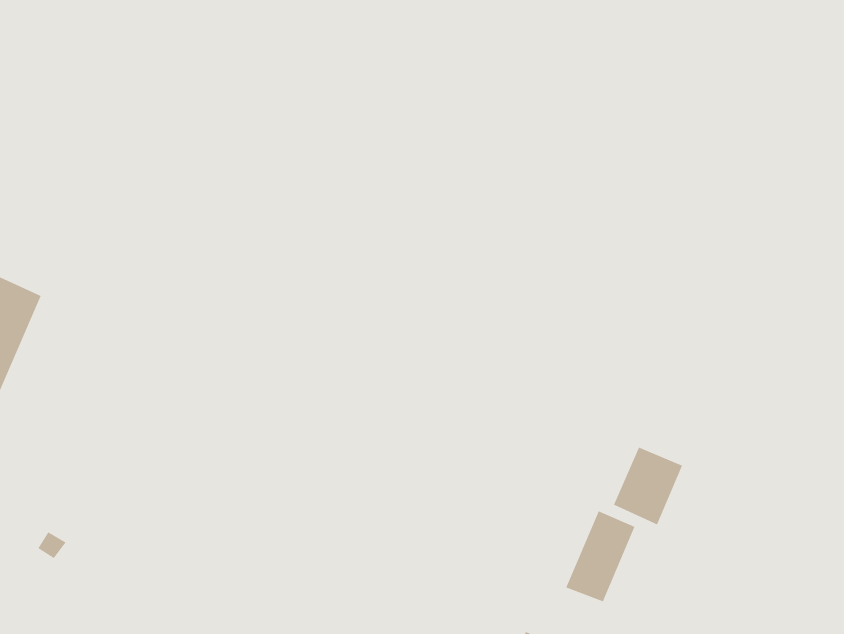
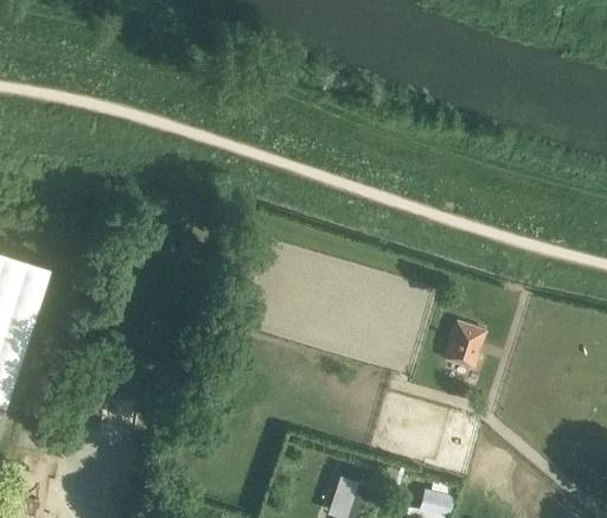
building: [565,510,635,602] -> none

